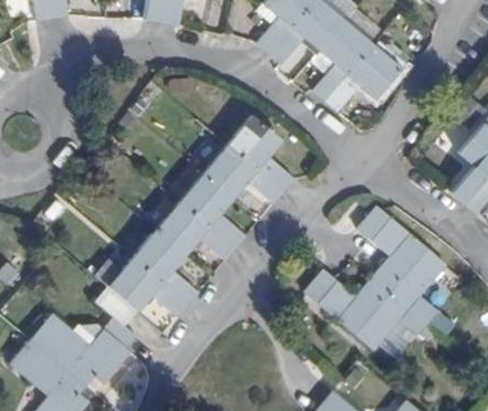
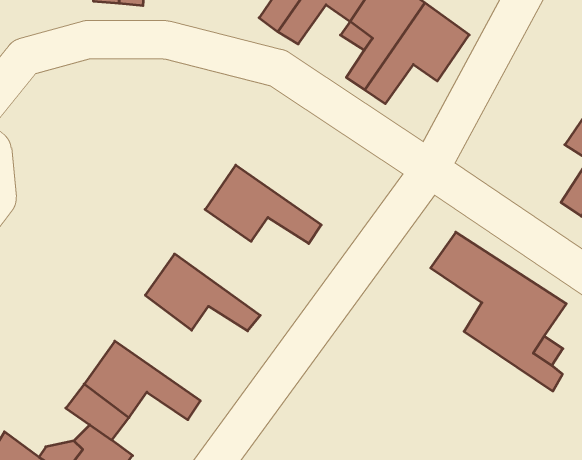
building: [227,116,292,191] -> none
building: [178,172,245,250] -> none
building: [131,228,197,305] -> none
building: [305,270,432,350] -> none

